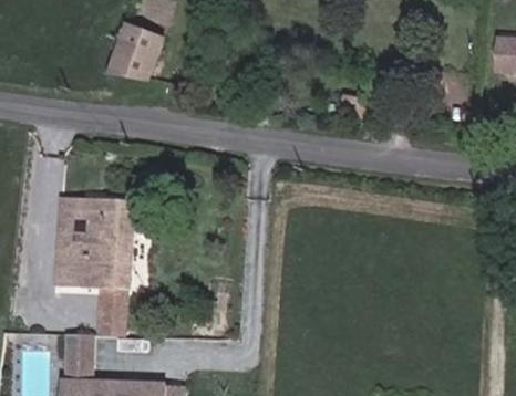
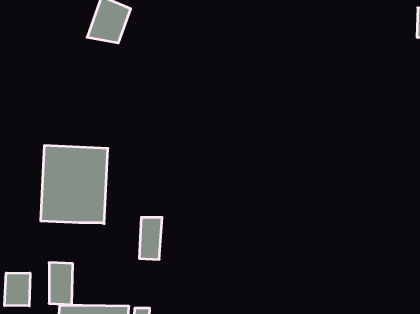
building: [99,286,125,335] -> [139,217,162,259]
building: none -> [5,273,30,306]

